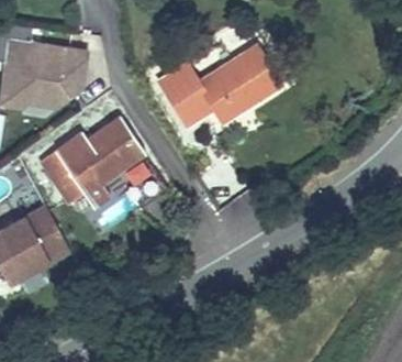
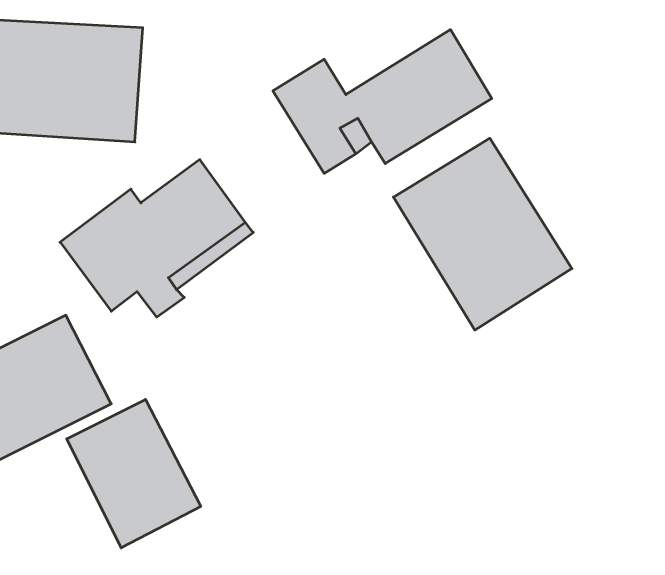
building: none -> [393,138,572,330]
building: none -> [67,399,201,548]

